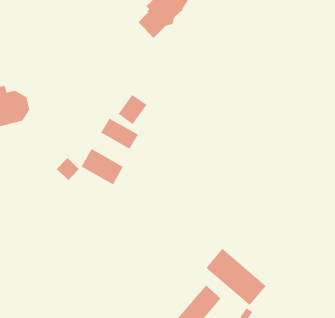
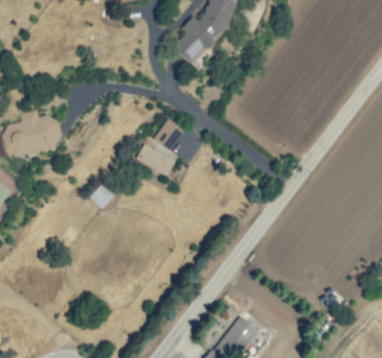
building: [81,148,124,185] -> none
building: [205,248,267,306] -> none

